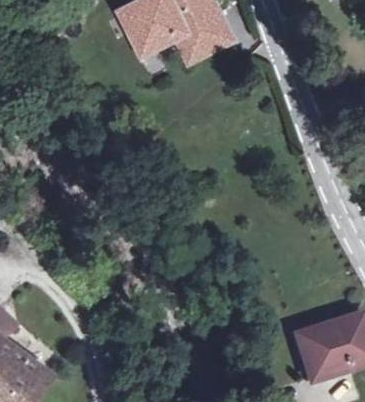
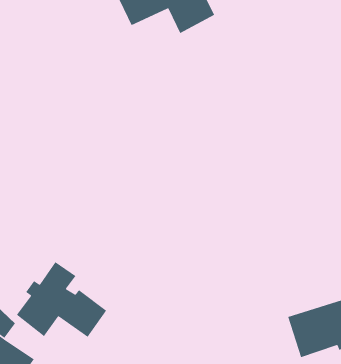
building: none -> [16,261,107,338]

